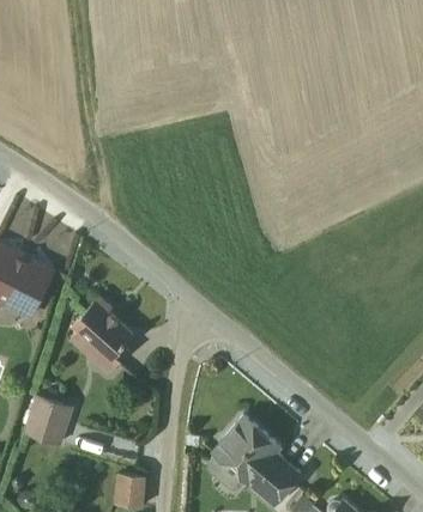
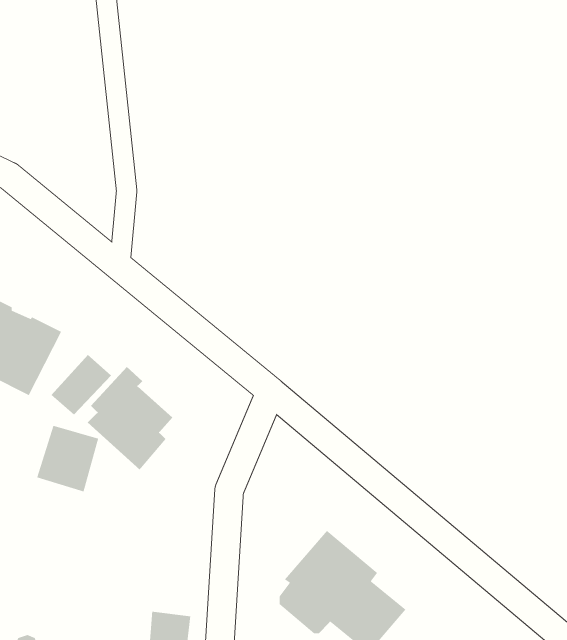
building: none -> [51,354,112,415]
building: [31,396,77,445] -> [36,425,99,493]

